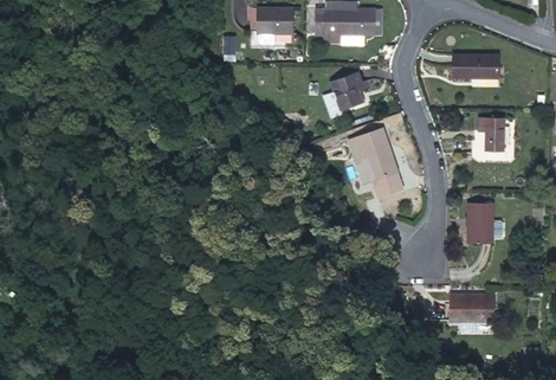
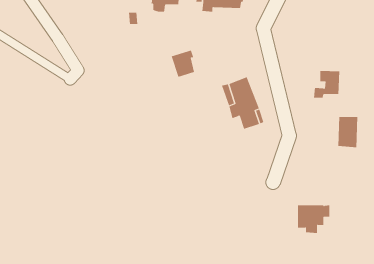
building: [453,53,500,78] -> none
building: [332,67,364,104] -> [171,50,195,78]
building: [467,204,494,245] -> [337,117,358,148]

